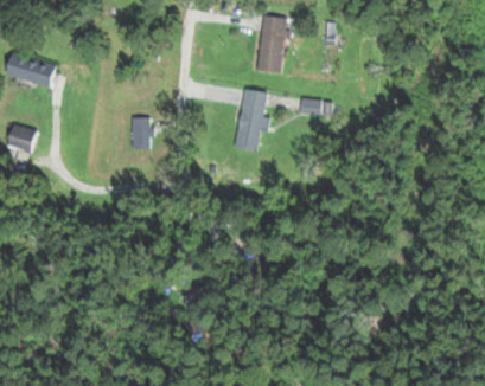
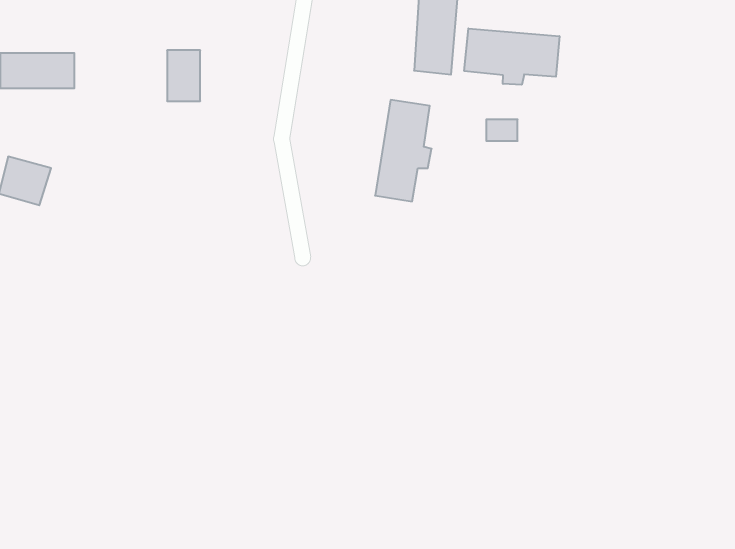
building: none -> [464,28,559,85]
building: [132,117,152,148] -> [167,50,200,101]

